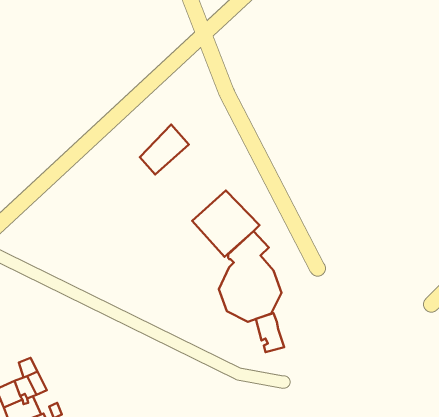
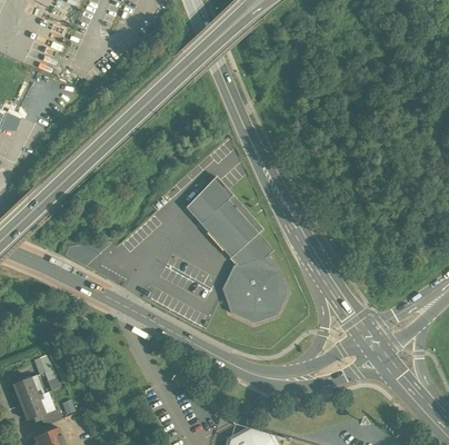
building: [140,125,189,175] -> [186,177,232,225]
building: [256,313,284,352] -> none

